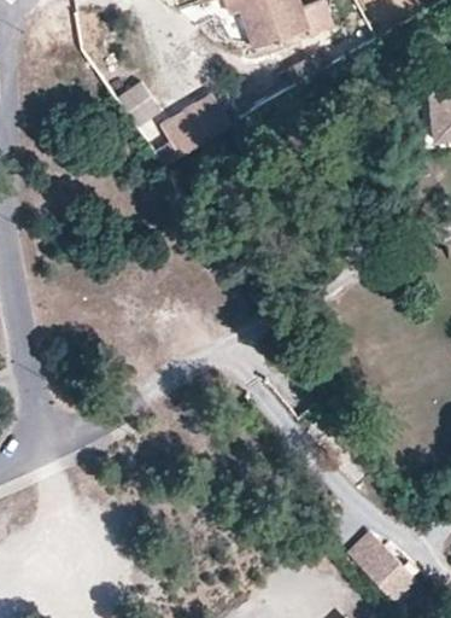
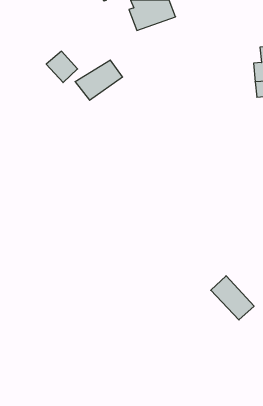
building: [348,534,414,600] -> [211,276,254,320]

